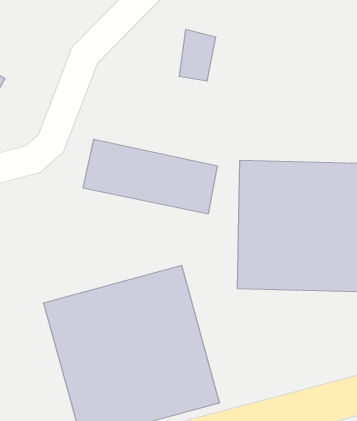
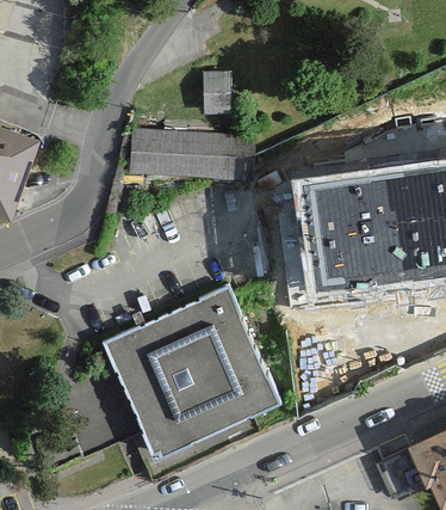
building: [83,139,218,214] -> [130,128,254,180]

